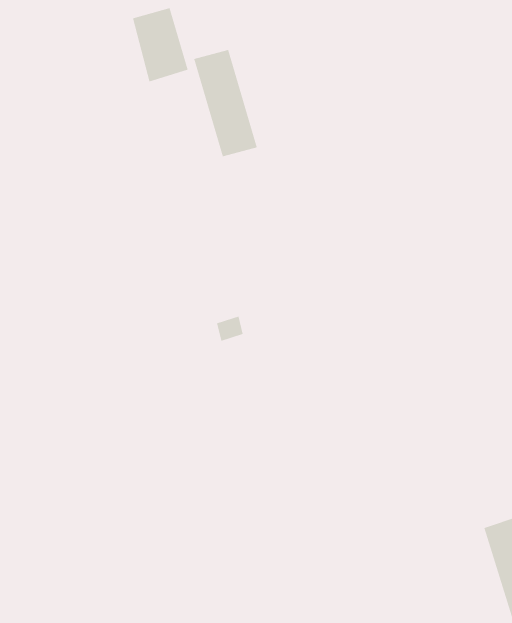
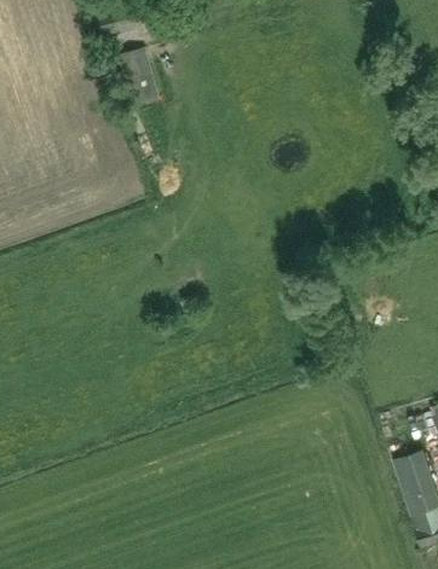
building: [194,49,257,157] -> none

